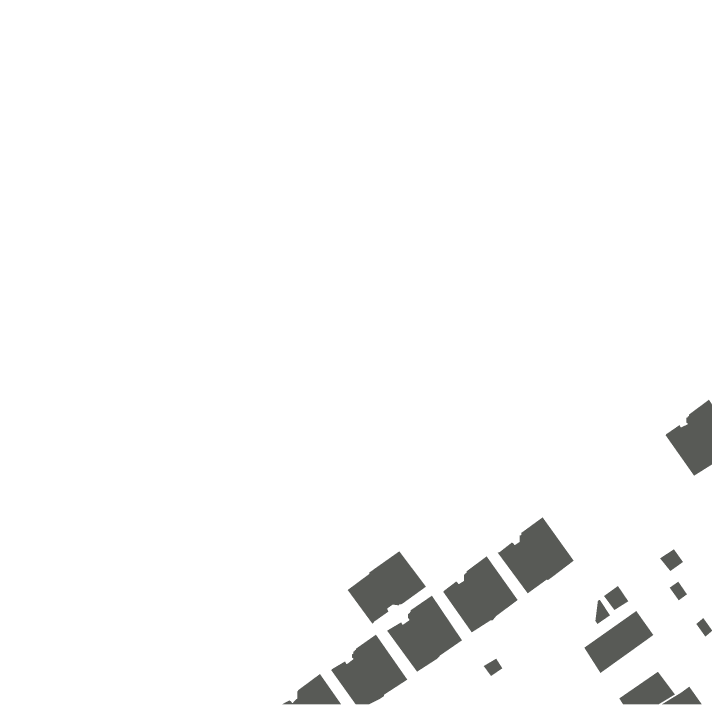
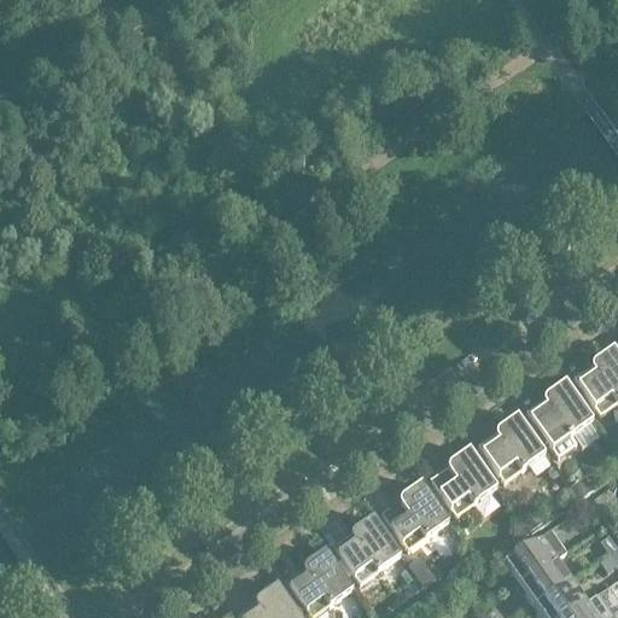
building: none -> [527,378,595,455]
building: none -> [479,412,547,479]
building: [347,550,427,625] -> none
building: none -> [520,554,575,602]

